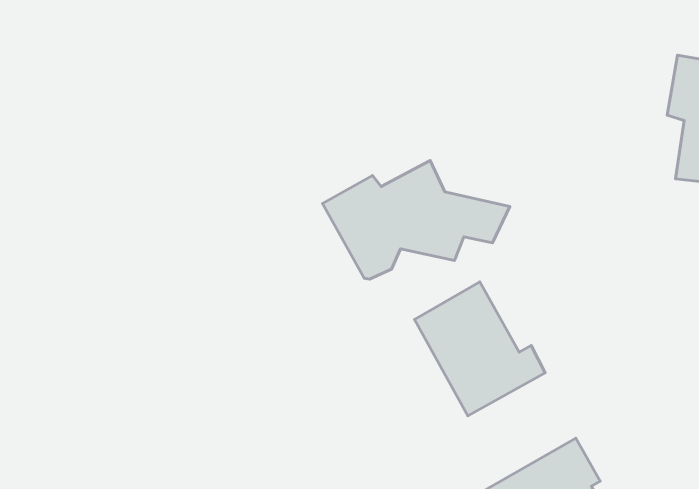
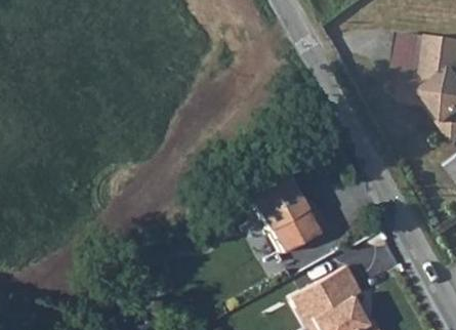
building: [322,160,510,279] -> none

